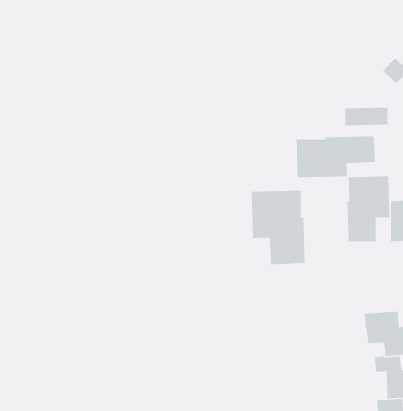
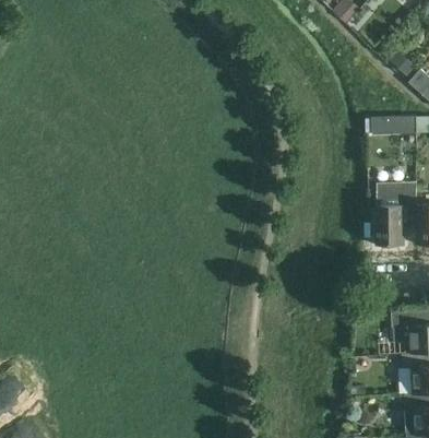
building: [296,135,376,178] -> none
building: [251,190,306,265] -> none

